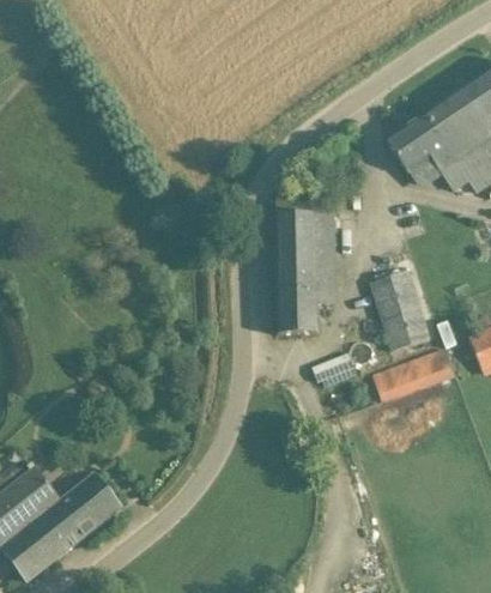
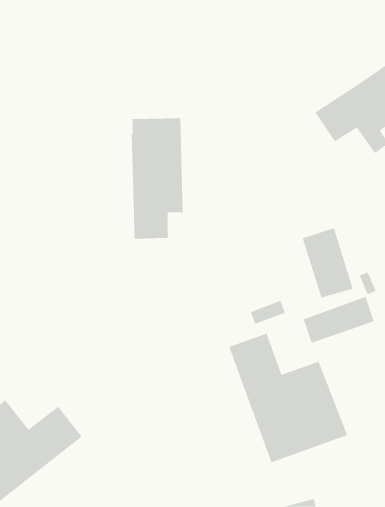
building: [275,196,335,334] -> [131,118,183,239]
building: none -> [229,333,348,463]

